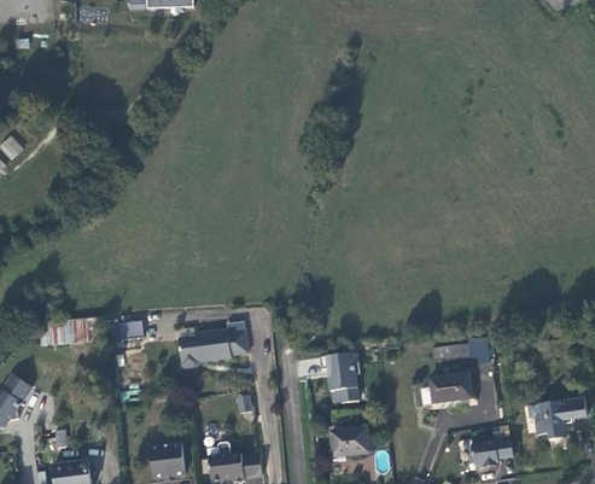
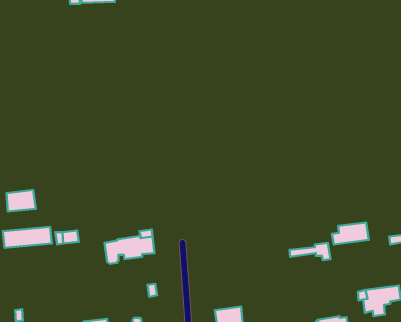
building: none -> [6,190,36,211]
building: [320,352,360,402] -> none
building: [421,373,472,403] -> [332,222,369,244]

